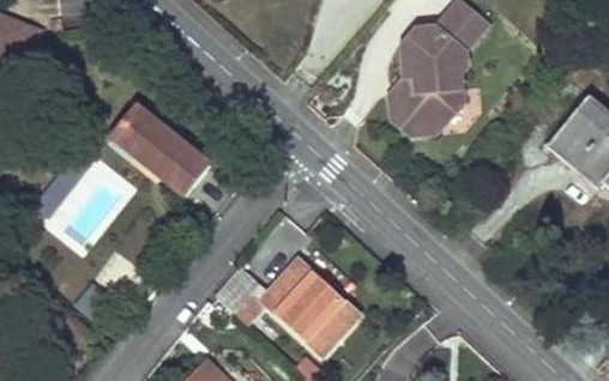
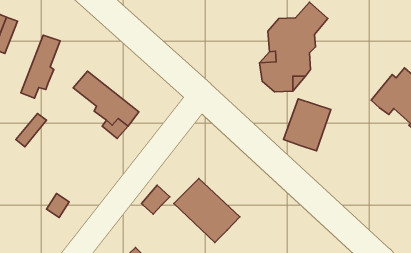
building: none -> [21,35,60,98]
building: none -> [284,99,331,151]

